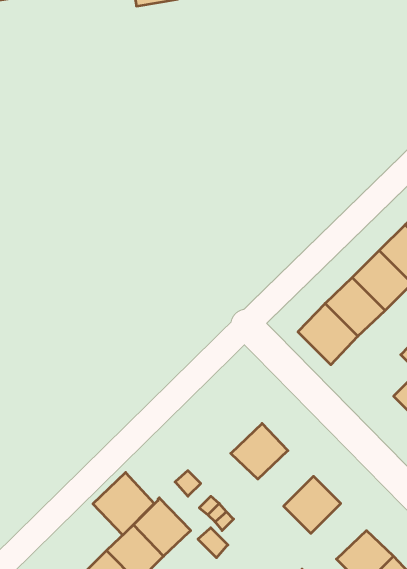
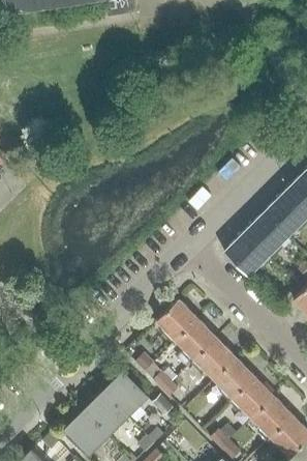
building: none -> [156,298,197,340]
building: none -> [184,338,235,384]
building: [93,472,154,535] -> none
building: none -> [233,376,273,416]

